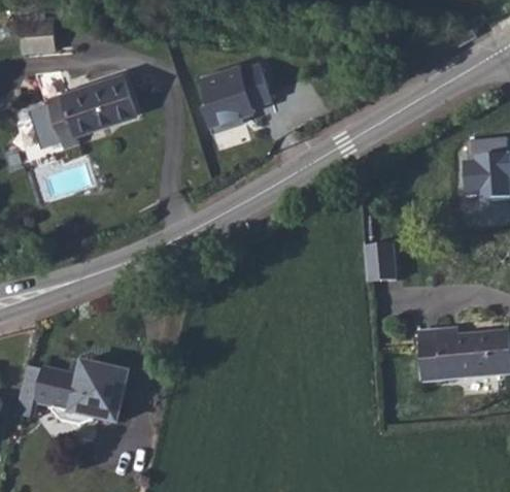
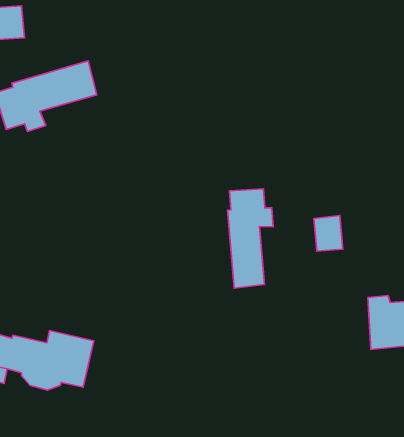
building: [198,57,276,131] -> none
building: none -> [227,189,273,288]

